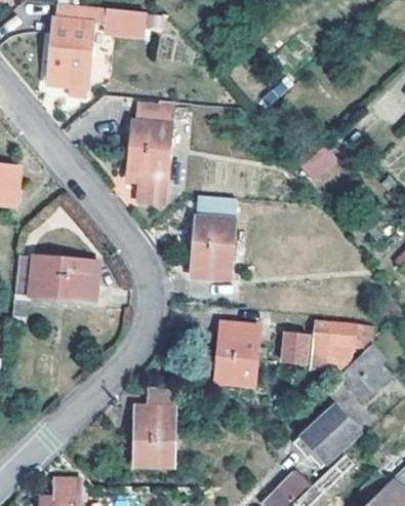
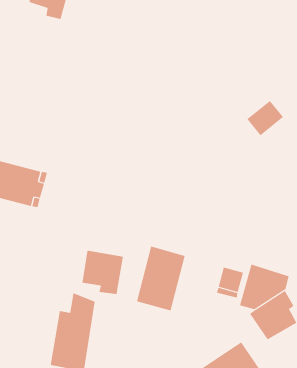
building: [127,103,171,203] -> none
building: [191,196,236,280] -> none
building: none -> [82,250,123,295]

